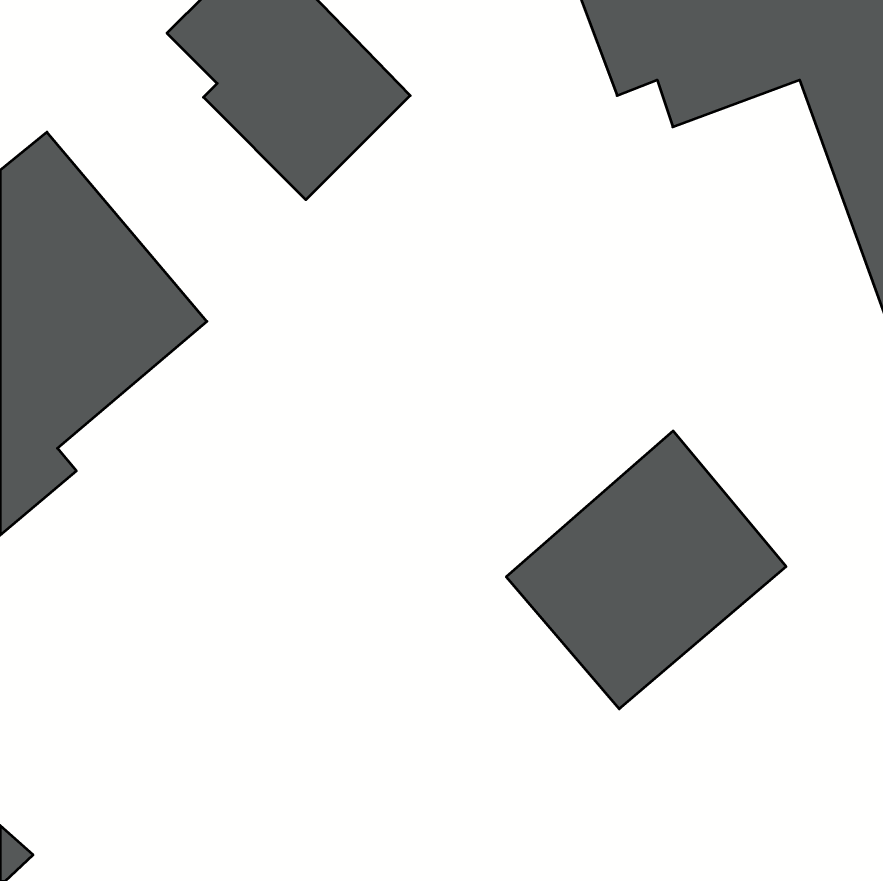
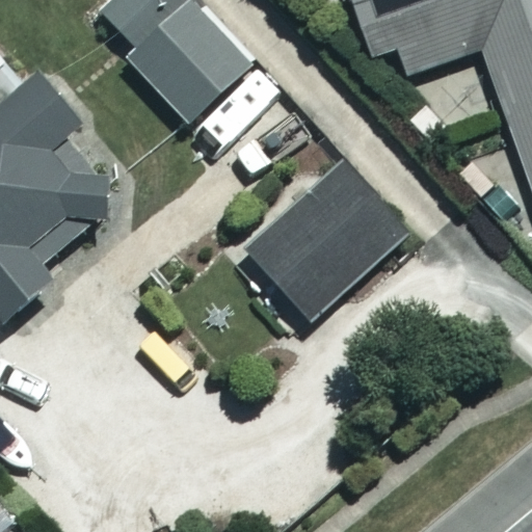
building: [506,431,786,709] -> [240,156,407,322]

